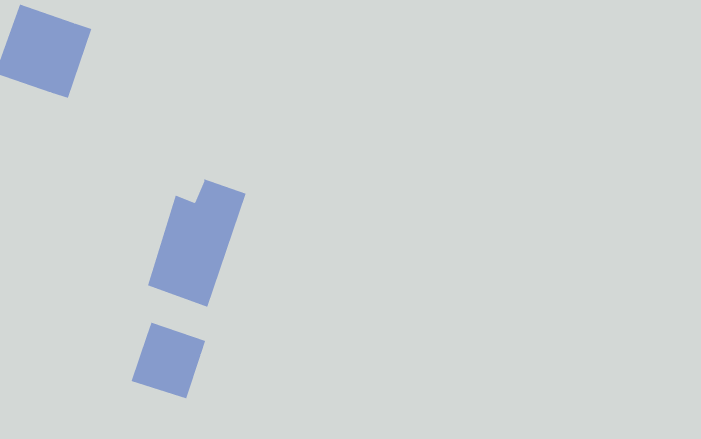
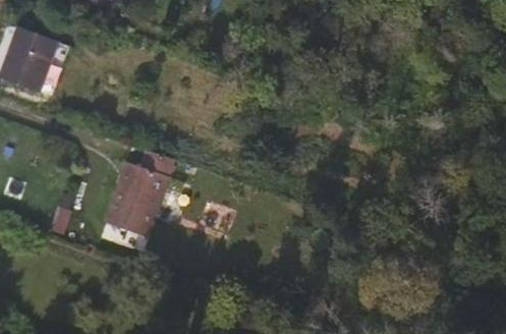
building: [131,322,206,399] -> none

